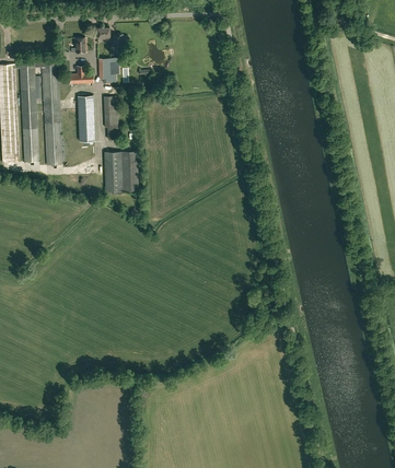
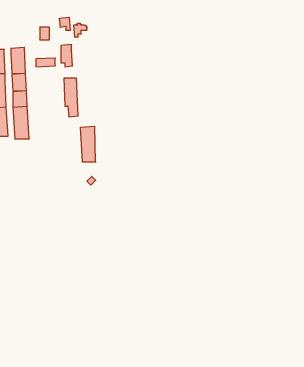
building: [78,94,94,140] -> none
building: [104,151,123,191] -> none

